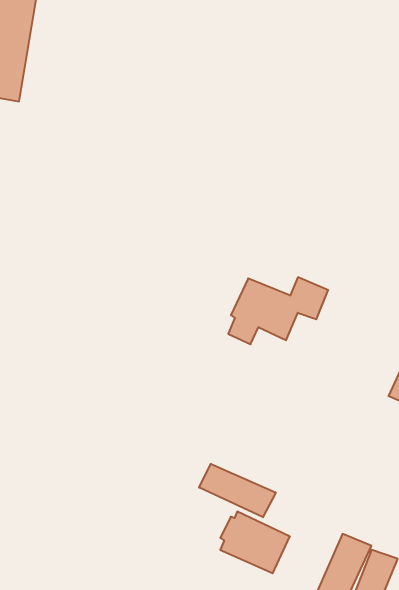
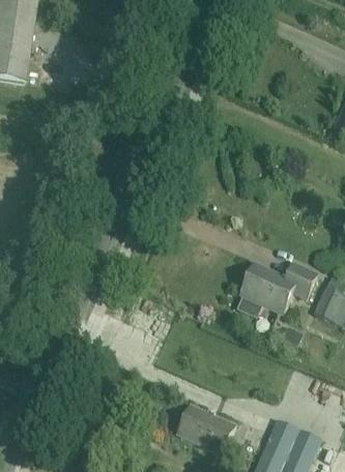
building: [228,277,328,344] -> [238,262,317,315]
building: [199,464,276,517] -> none

